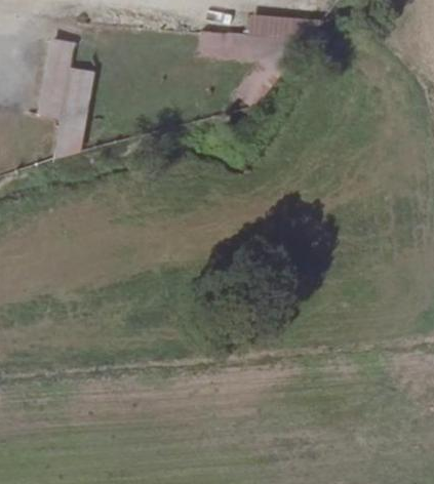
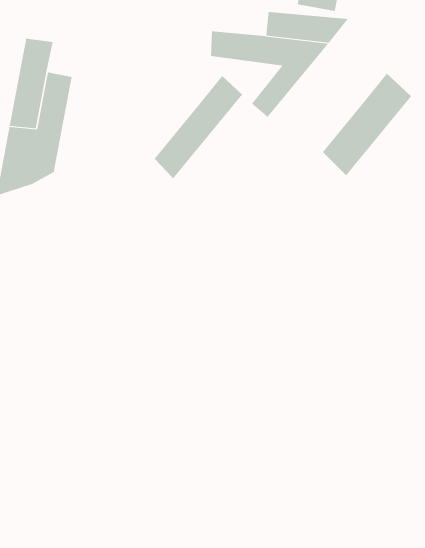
building: none -> [322,73,412,176]
building: none -> [154,75,243,179]

